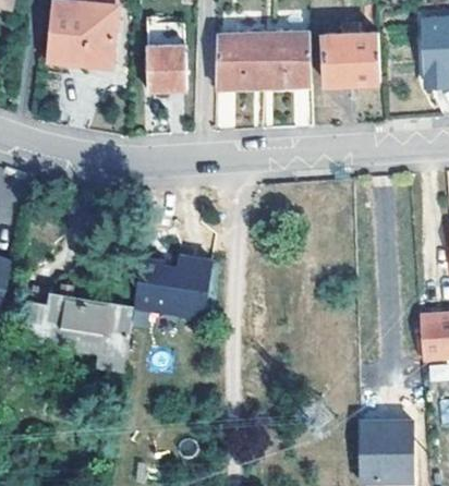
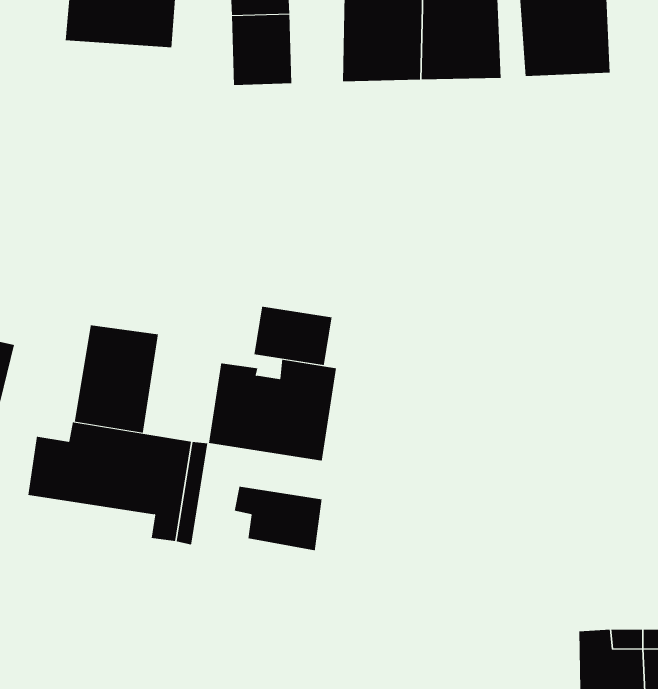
building: none -> [254,306,332,366]
building: none -> [74,325,158,433]
building: none -> [234,486,322,551]

